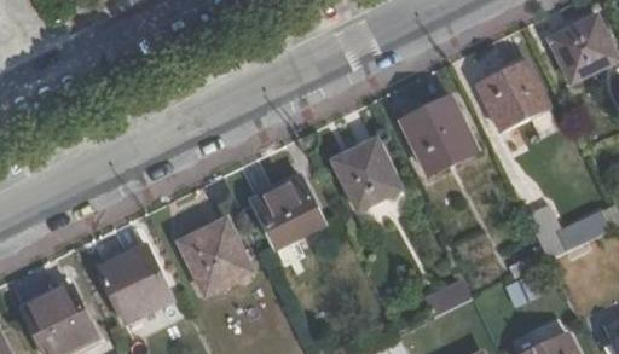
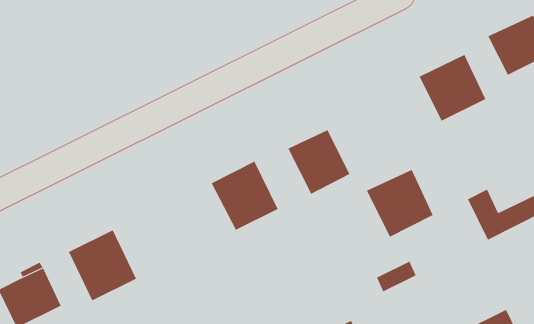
building: [401,98,474,172] -> [366,169,433,238]
building: [183,221,253,295] -> none

